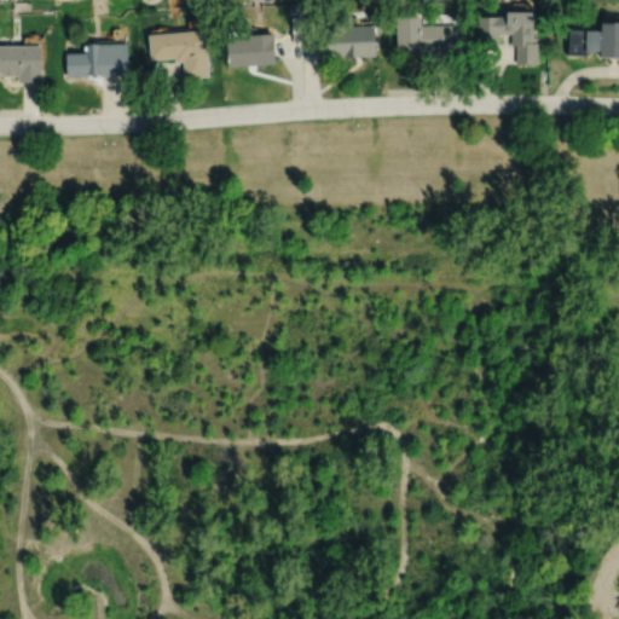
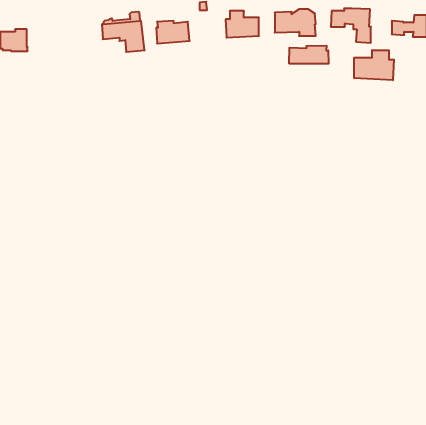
building: [65,45,127,77] -> none
building: none -> [289,46,329,64]
building: none -> [354,50,394,80]

